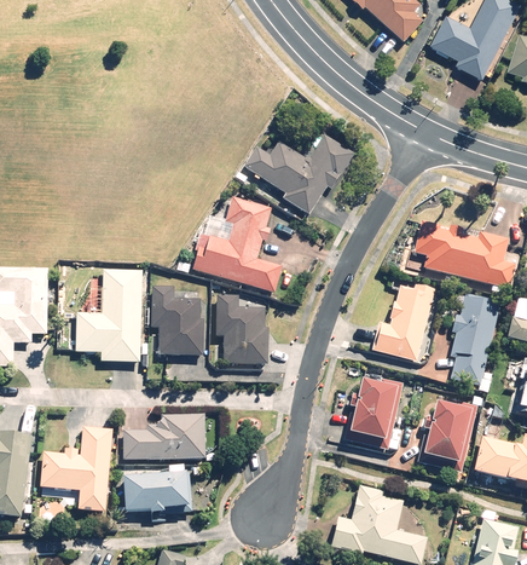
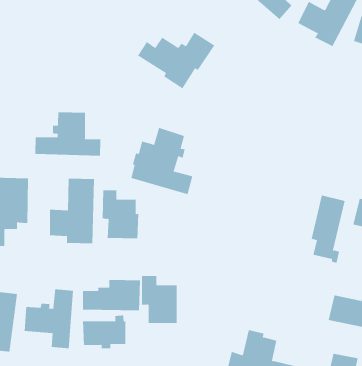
building: [244,133,355,215] -> [137,32,215,89]
building: none -> [35,111,101,156]
building: [412,217,516,290] -> none
building: [372,284,433,361] -> none
building: [215,294,267,363] -> [141,275,177,324]
building: [343,379,400,451] -> none
building: [417,400,476,473] -> none

